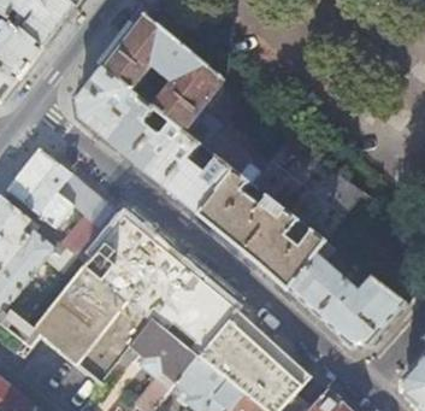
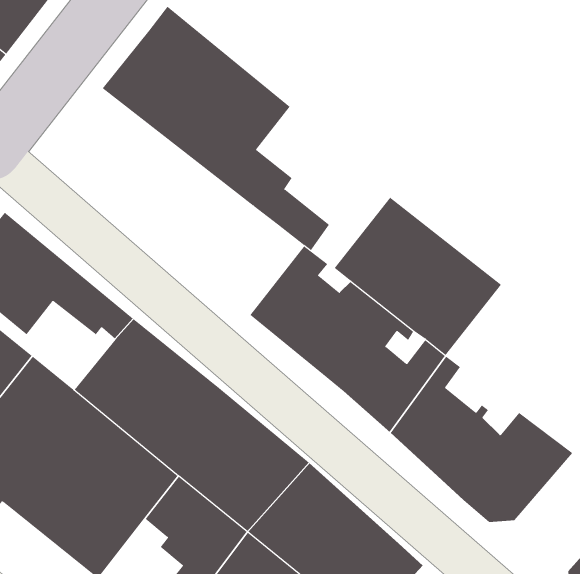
building: [78,69,234,215] -> none

